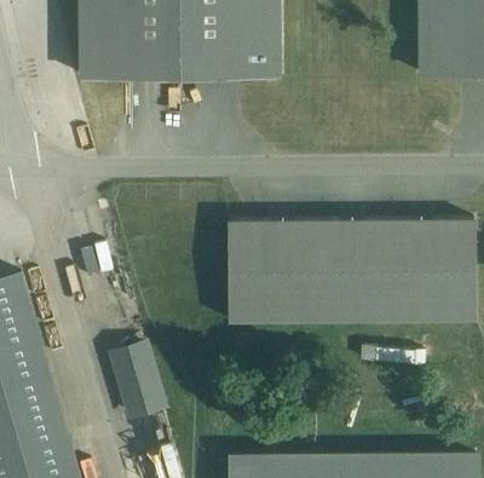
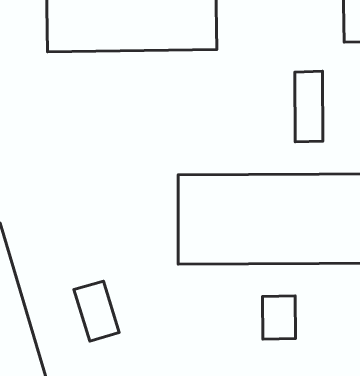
building: none -> [295,71,323,142]
building: none -> [263,296,295,339]

